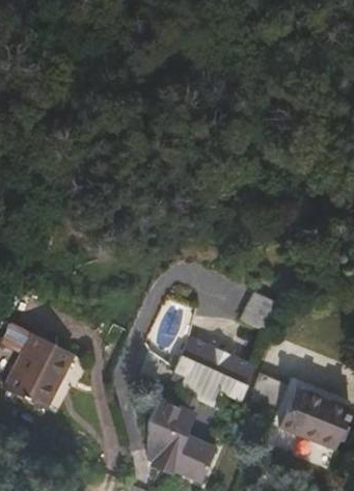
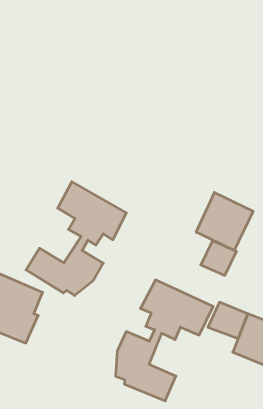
building: none -> [26,182,126,296]
building: none -> [196,192,253,250]

